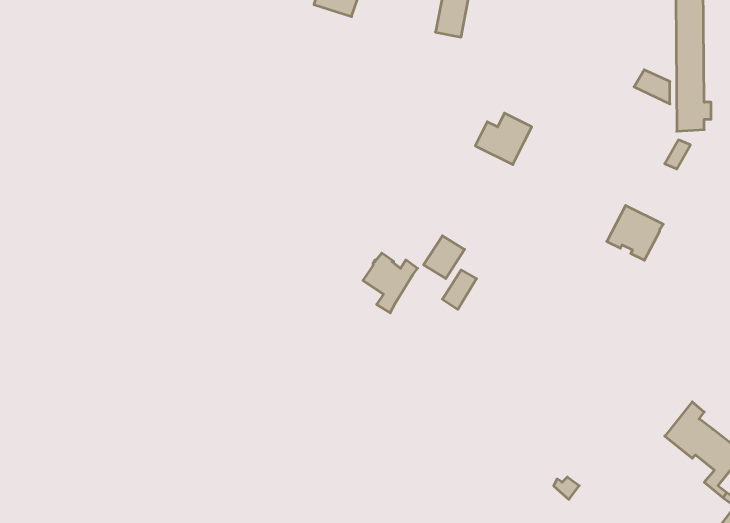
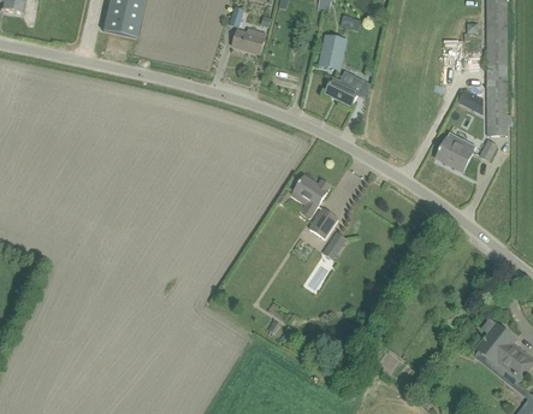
building: [475,113,532,165] -> [324,71,363,107]
building: [607,205,663,260] -> [436,132,475,171]
building: [363,253,418,313] -> [291,176,330,218]

